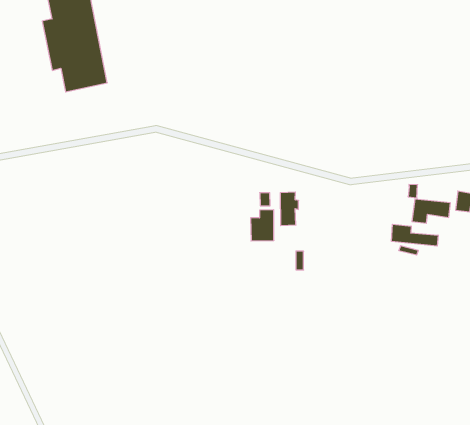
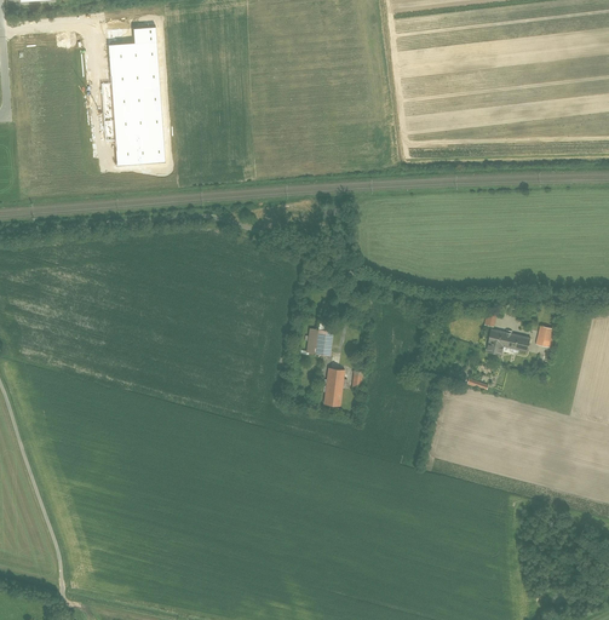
building: [280,192,299,226] -> [322,368,345,406]
building: [392,224,438,246] -> none

